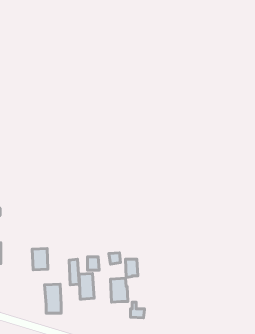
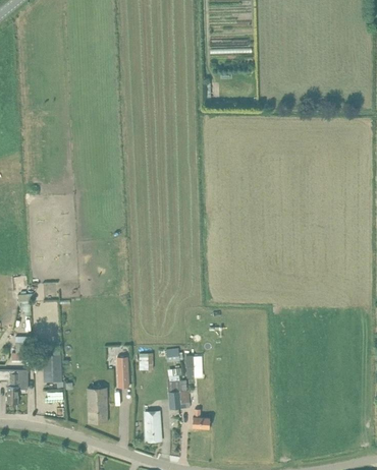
building: [32,248,48,270] -> [43,355,62,381]
building: [79,273,94,299] -> [144,410,162,442]

